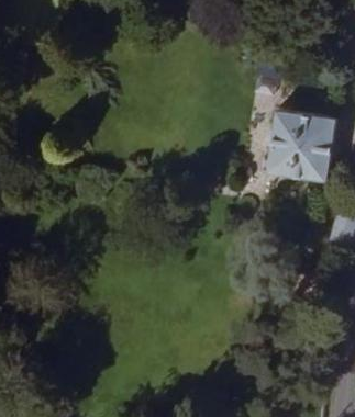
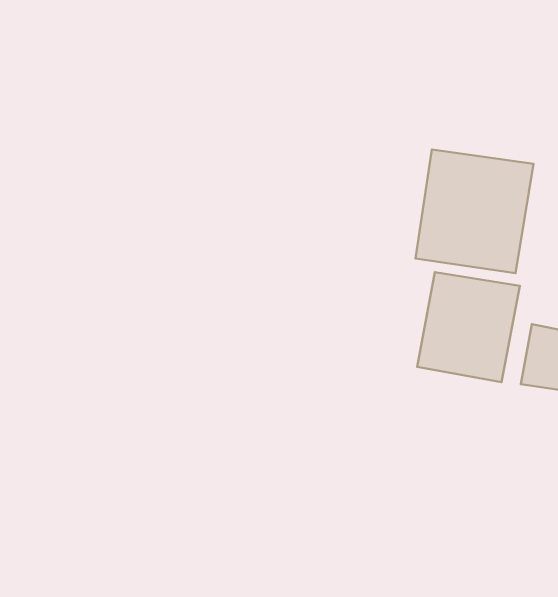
building: none -> [417,272,520,382]

